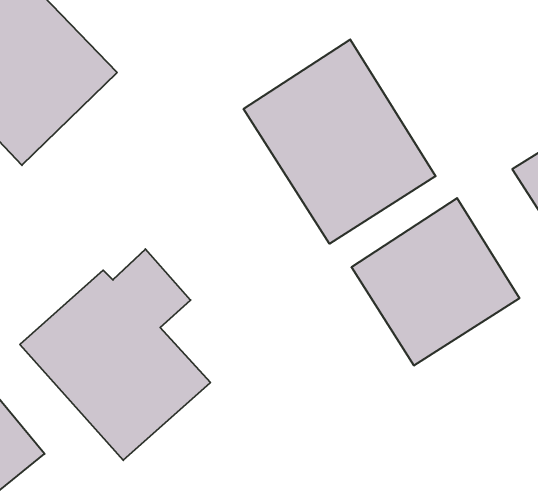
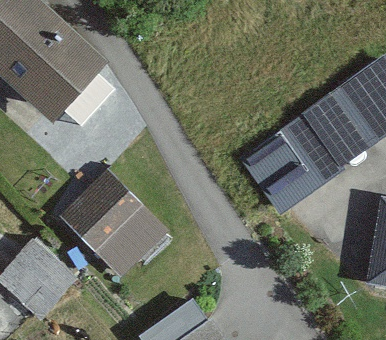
building: [244,39,436,244] -> none

